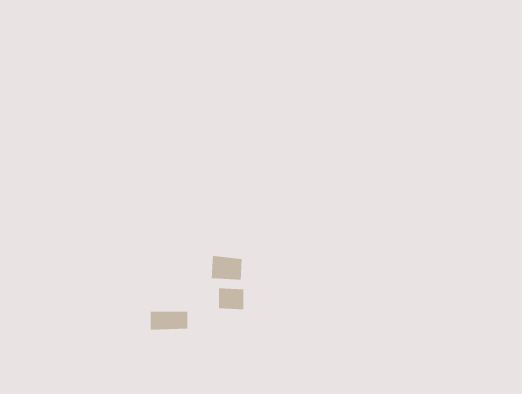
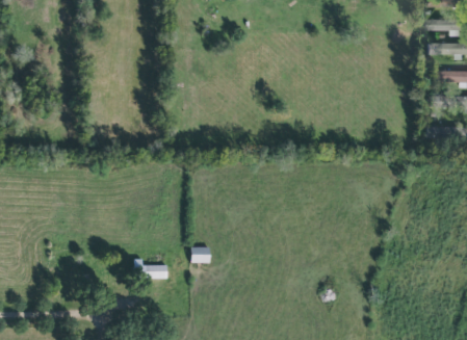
building: [211,255,242,281] -> none

